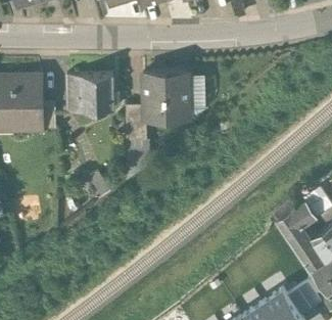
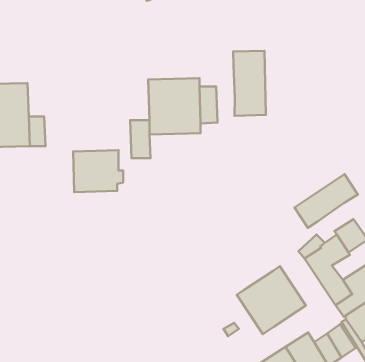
building: none -> [233,51,266,116]
building: [69,77,112,112] -> [73,150,123,192]
building: none -> [295,174,358,228]
building: none -> [237,266,306,334]

